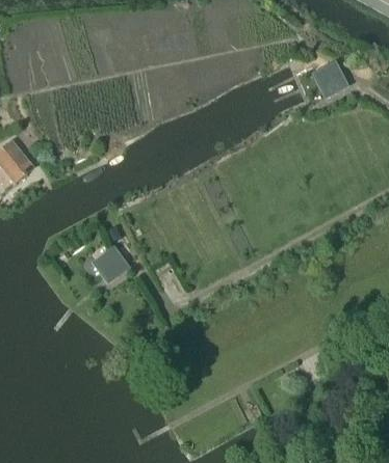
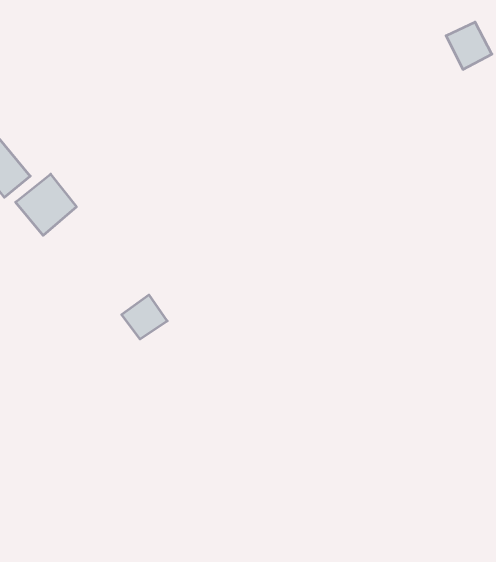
building: none -> [16,174,76,235]

